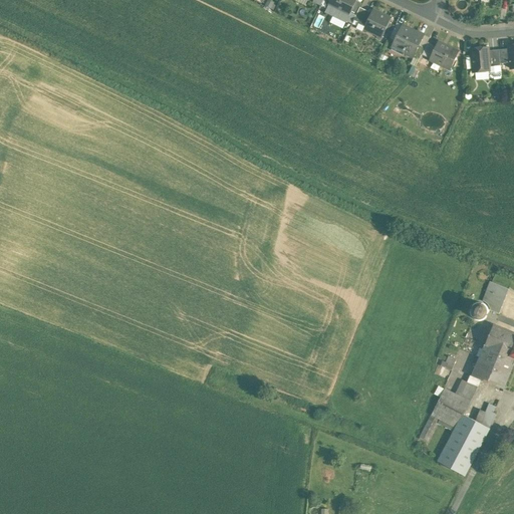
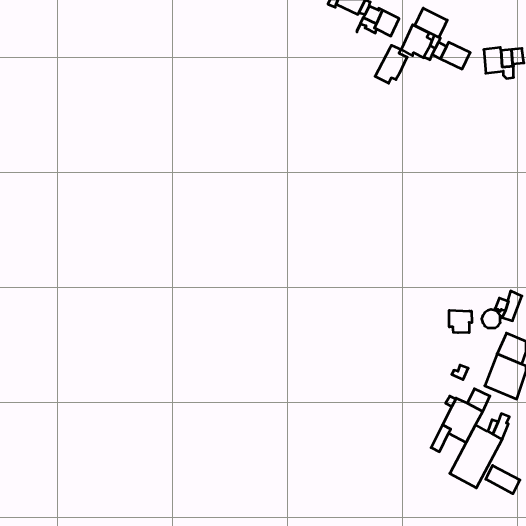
building: none -> [415,8,447,37]
building: none -> [375,45,407,83]
building: none -> [449,310,472,333]
building: none -> [486,465,520,494]

